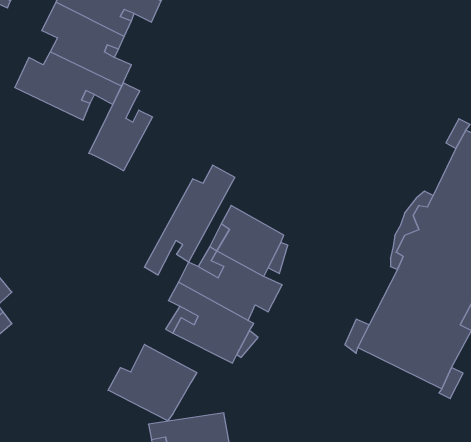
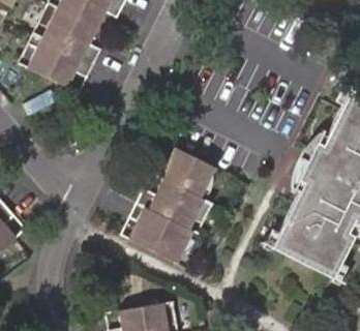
building: [89,83,153,171] -> none
building: [144,165,235,275] -> none
building: [108,344,197,421] -> none

